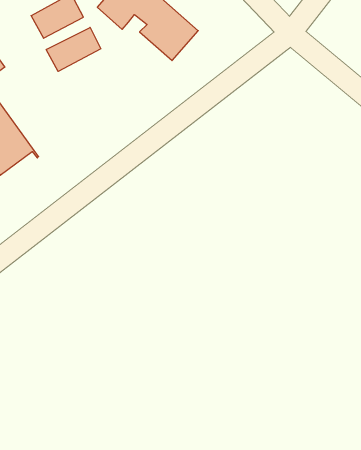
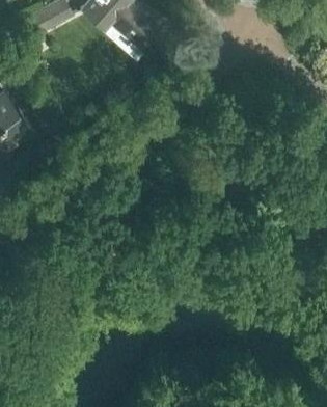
building: [46,27,101,71] -> none

